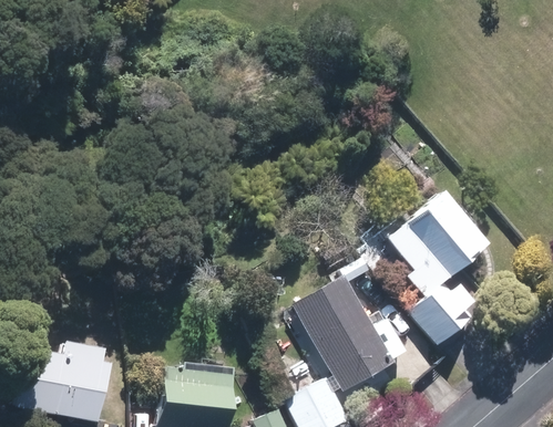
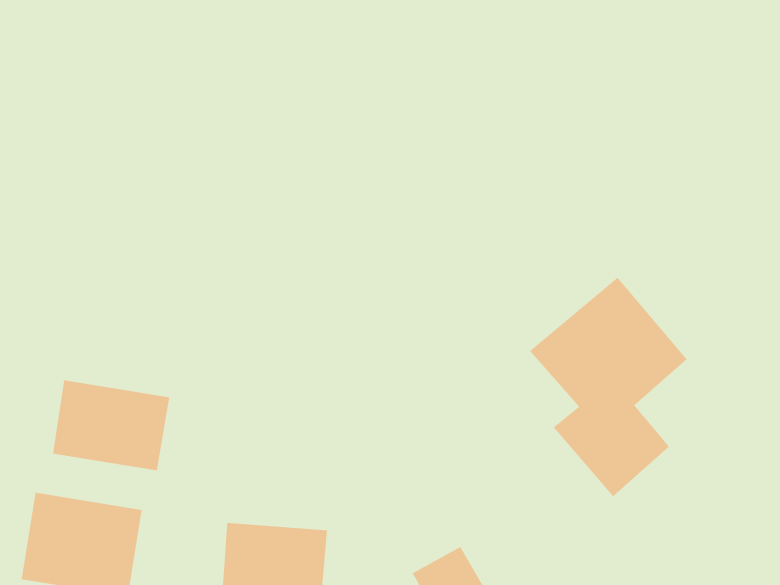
building: none -> [52,380,170,471]
building: [300,282,392,388] -> none

